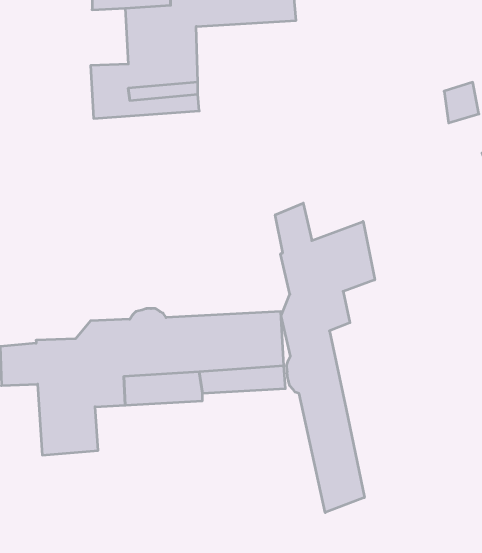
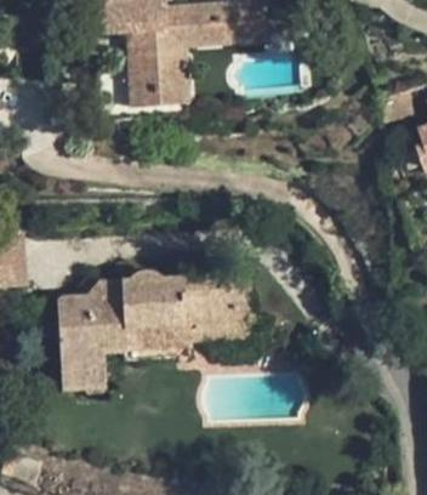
building: [275,203,375,513] -> none

